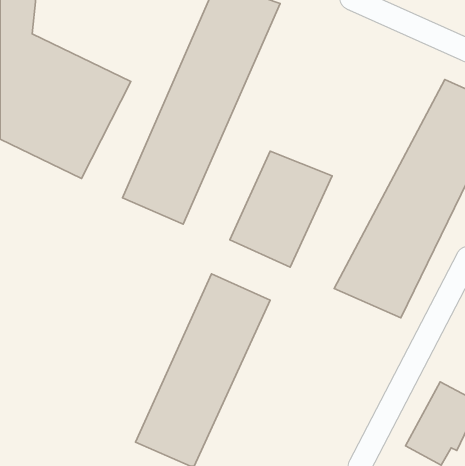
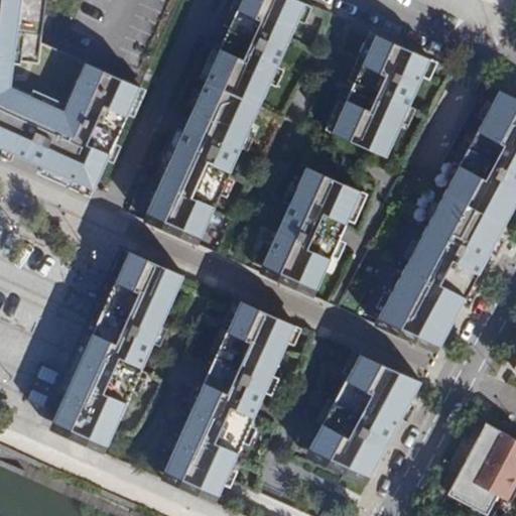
building: none -> [325,29,435,159]
building: none -> [40,247,187,461]
building: none -> [302,353,426,479]

